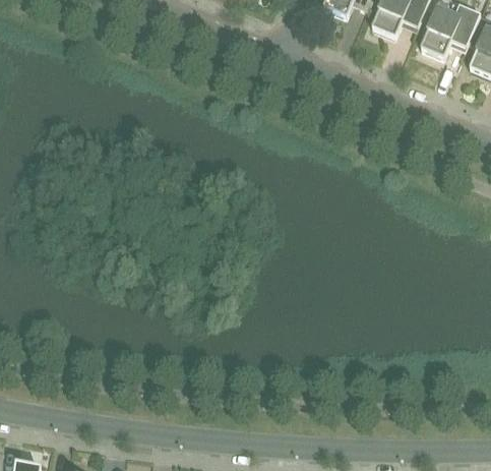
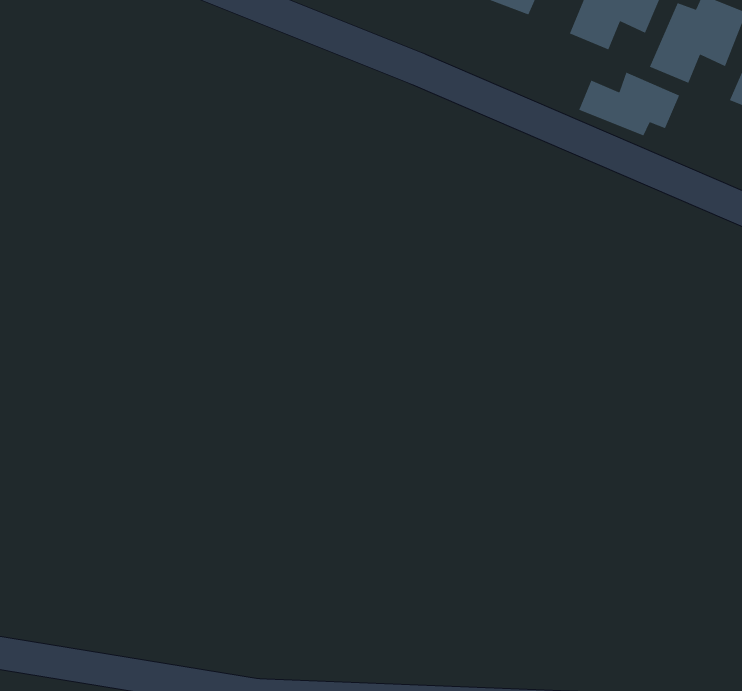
building: none -> [578,72,680,137]

